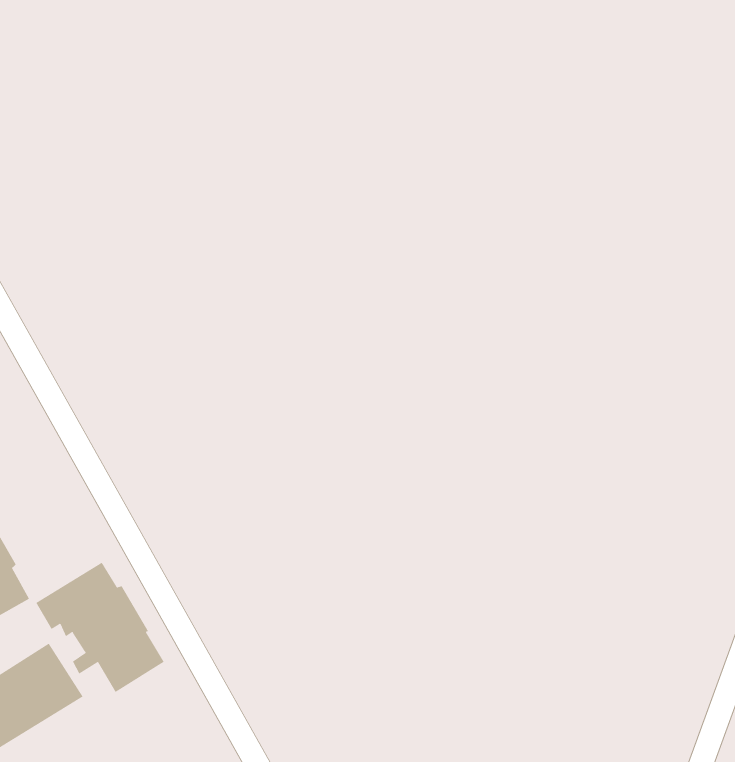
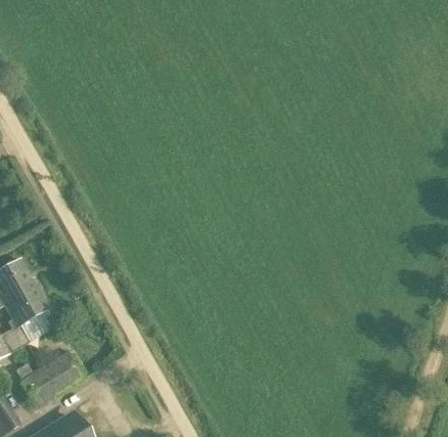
building: [36,562,164,693] -> none

